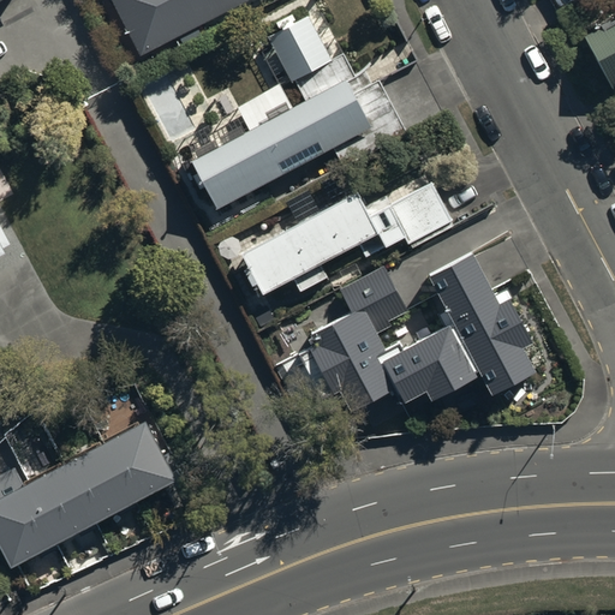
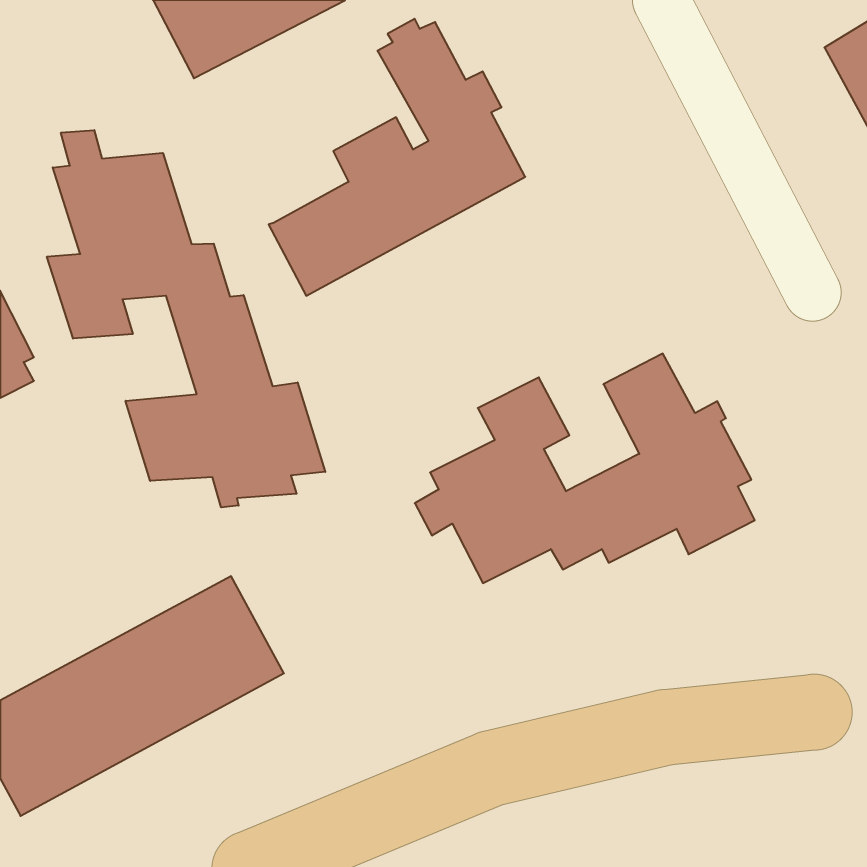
building: none -> [47,130,325,507]
building: [243,184,454,293] -> none

